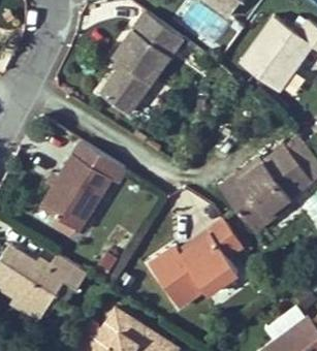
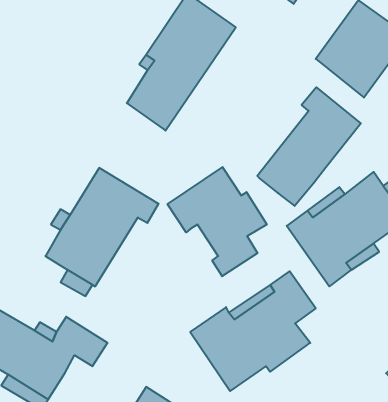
building: none -> [257,87,361,206]
building: none -> [168,167,267,276]

